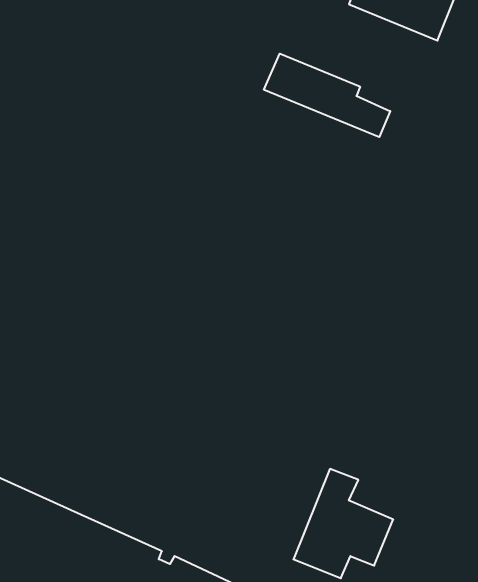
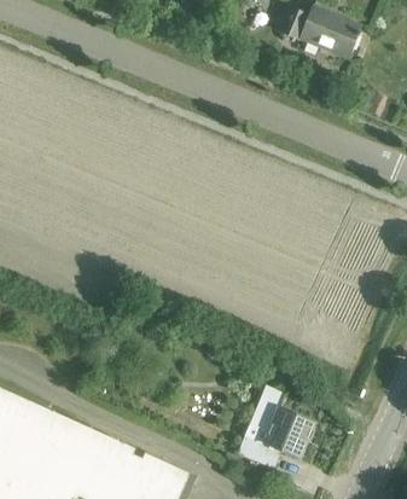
building: [264,54,390,137] -> none

